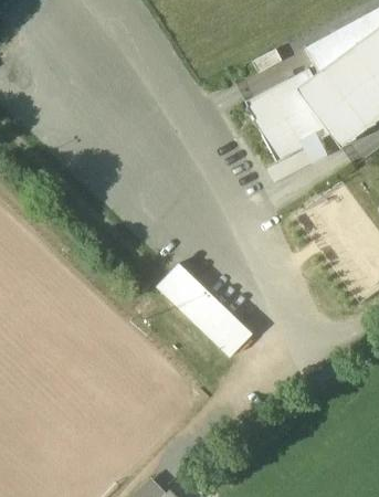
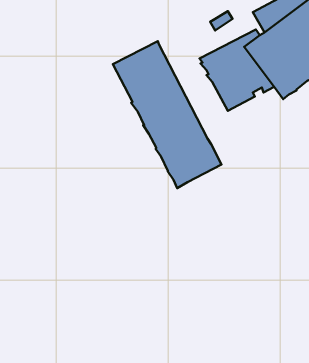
building: none -> [113,41,222,188]
building: [156,263,251,356] -> none

